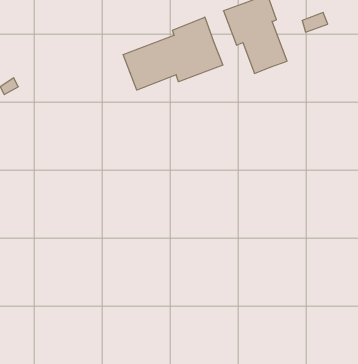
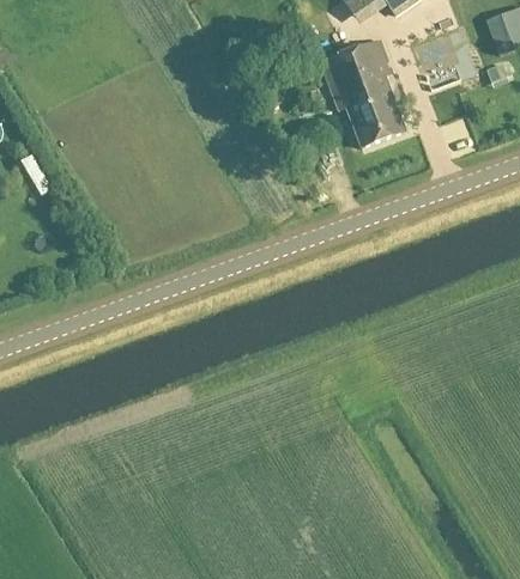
building: [123,17,223,90] -> none

